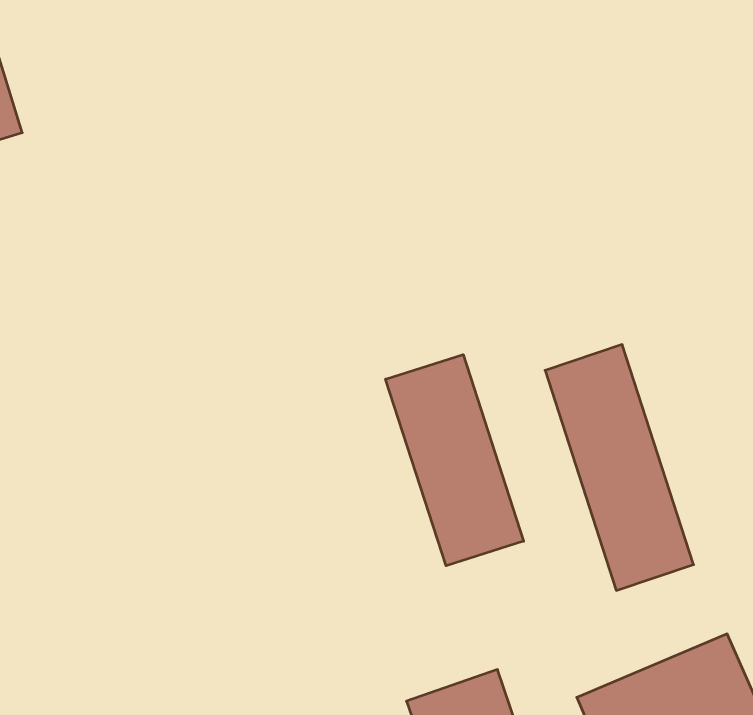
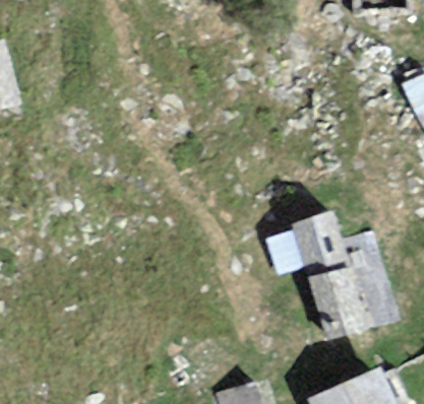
building: [386,355,524,566] -> none

